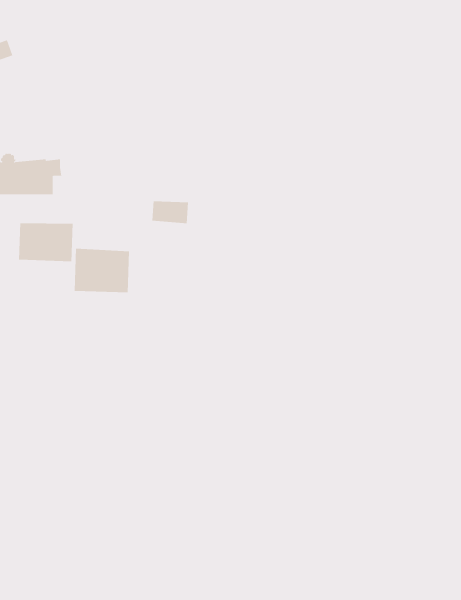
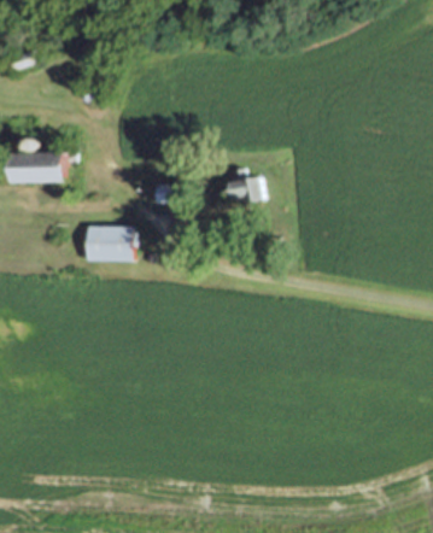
building: none -> [226,170,263,206]
building: [19,222,73,262] -> none

